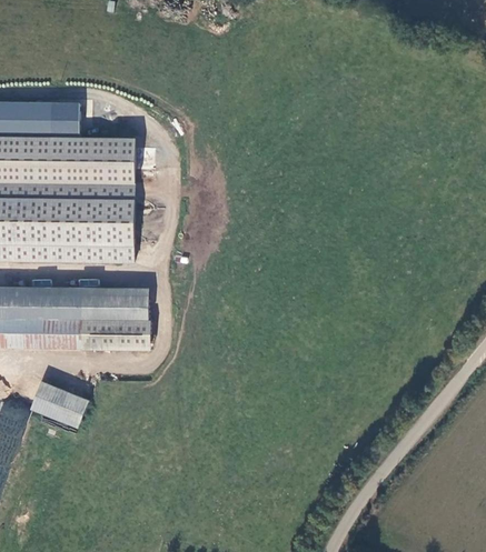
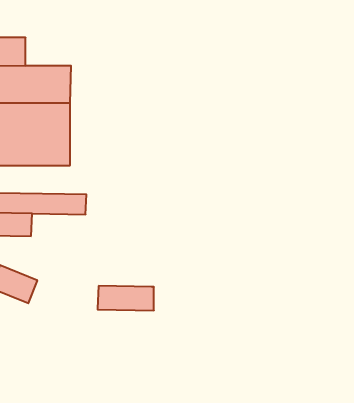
building: [82,317,151,347] -> [98,286,154,310]

